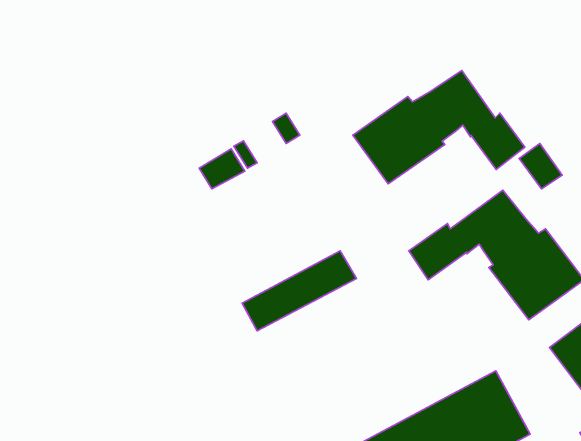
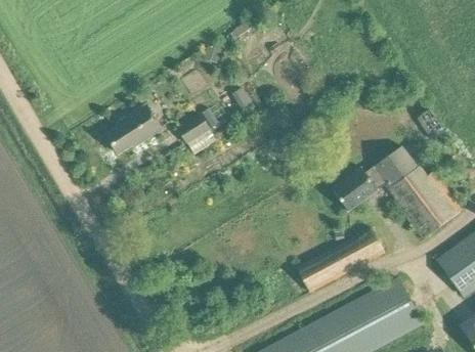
building: [353,71,525,184] -> none
building: none -> [105,105,161,153]
building: [242,251,357,331] -> [299,228,384,288]

